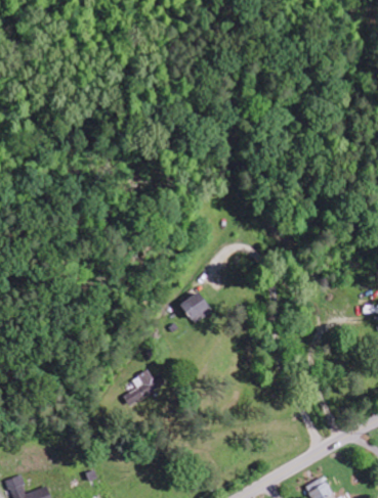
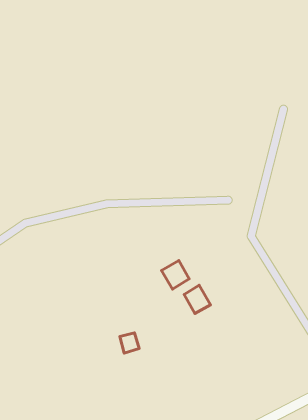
building: none -> [184,285,211,313]

